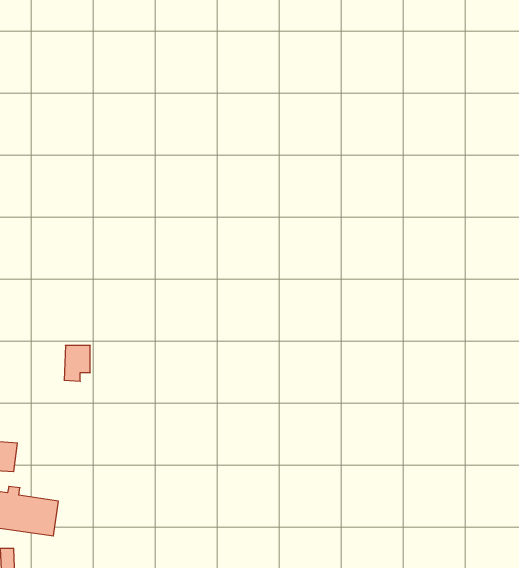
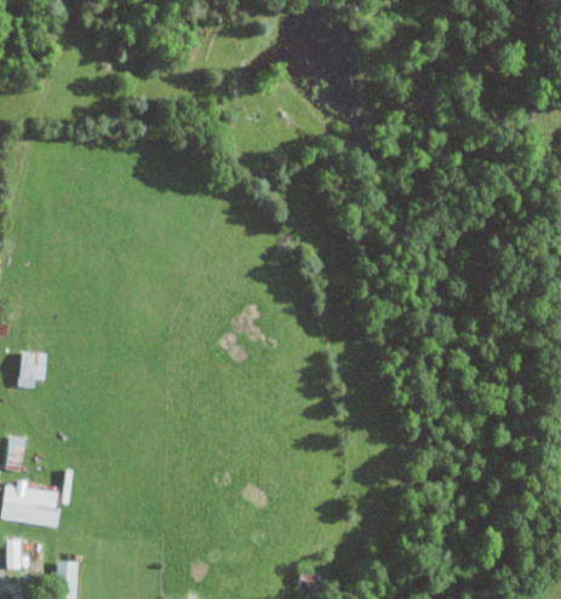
building: [64,345,90,381] -> [19,352,45,387]

